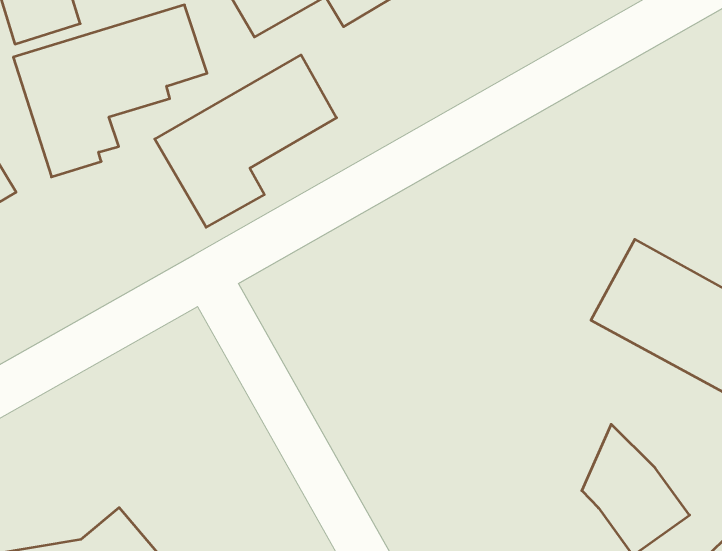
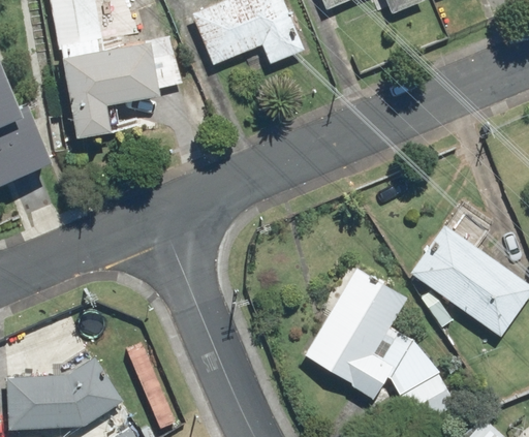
building: [155,55,337,227] -> none
building: none -> [303,267,411,398]

